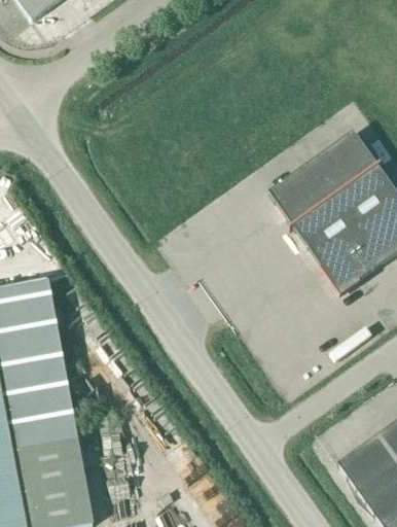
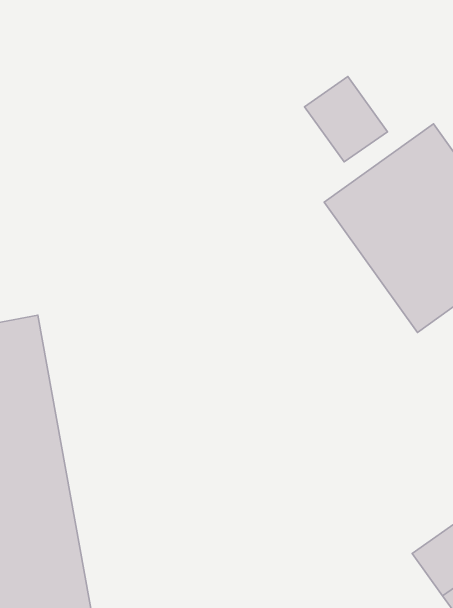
building: none -> [305,77,387,162]

